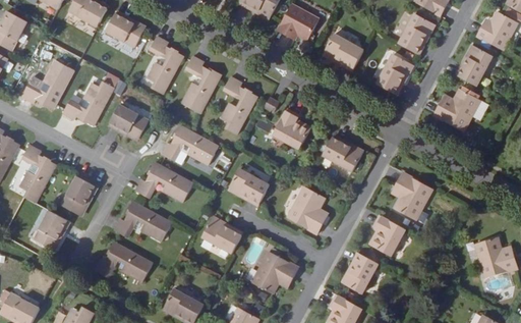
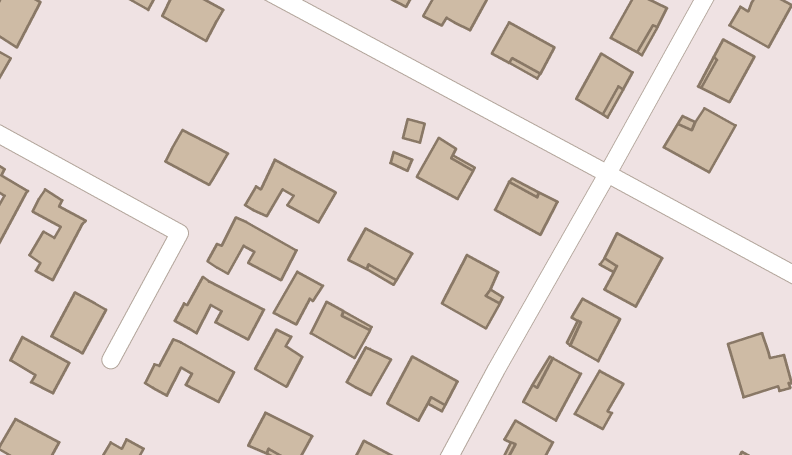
building: [147,35,183,93] -> none
building: [181,54,222,112] -> none
building: [21,63,73,107] -> none
building: [221,74,257,133] -> none
building: [62,80,114,124] -> none
building: [61,174,98,215] -> none
building: none -> [274,272,323,324]
building: none -> [255,330,302,387]
building: none -> [10,337,69,393]
building: none -> [347,347,391,395]
building: none -> [575,371,623,429]

